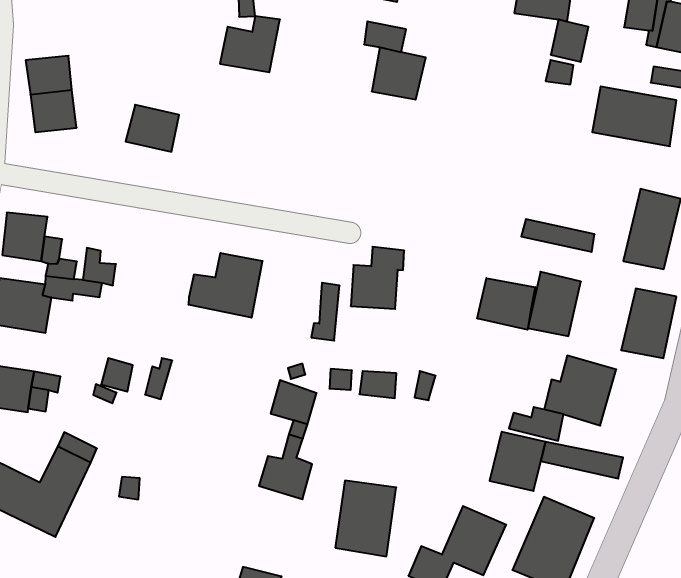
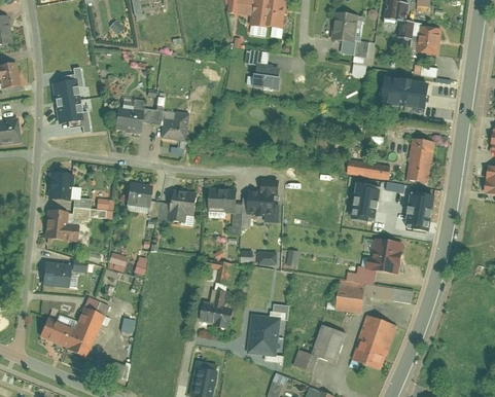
building: [220,16,280,72] -> [158,109,191,141]
building: none -> [125,180,156,214]
building: none -> [207,187,232,216]
building: [477,278,535,330] -> none

